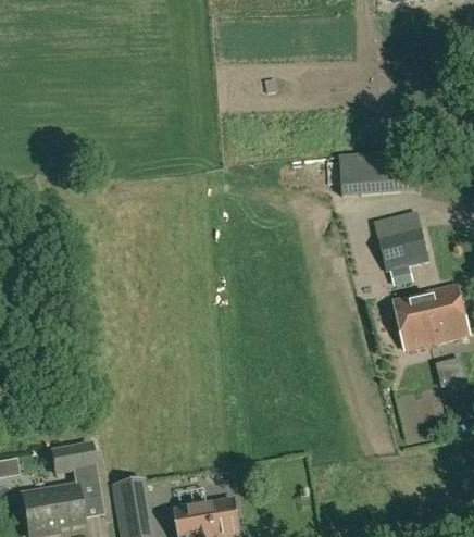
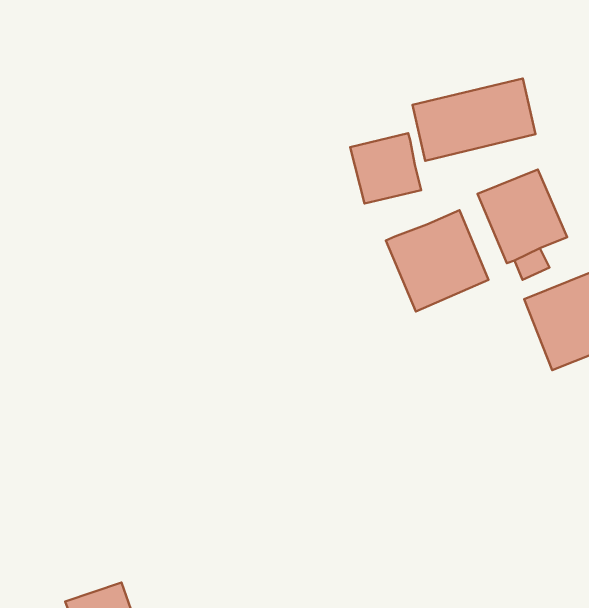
building: none -> [350,133,421,203]
building: none -> [386,210,489,311]

